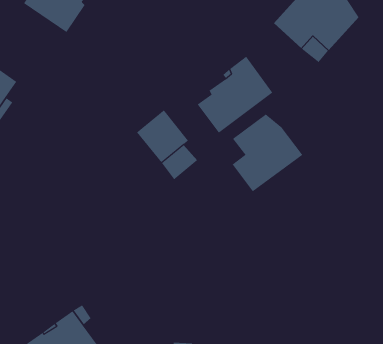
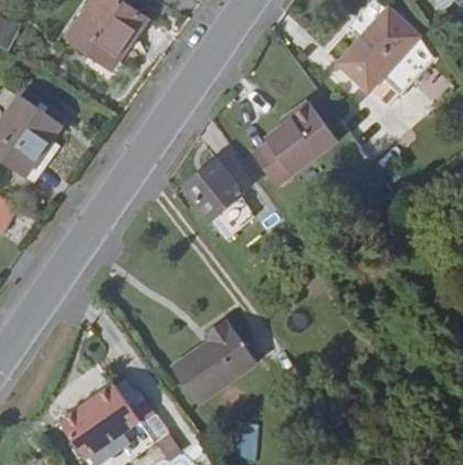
building: [232,114,303,192] -> none
building: none -> [173,317,259,403]

